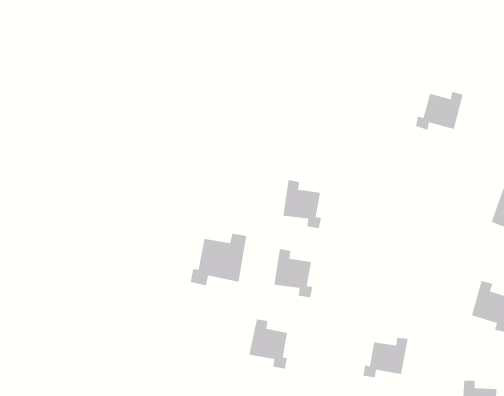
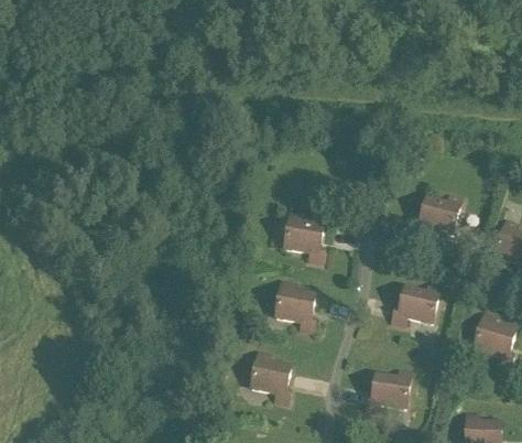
building: [415,91,463,131] -> [412,194,460,234]
building: [190,233,247,286] -> none
building: none -> [391,283,439,323]

